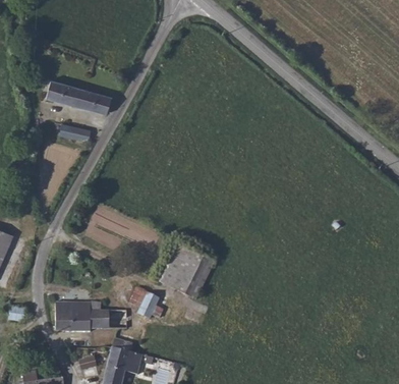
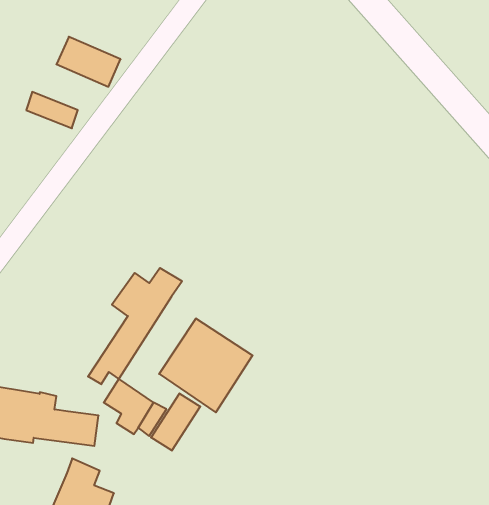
building: [46,80,79,106] -> none
building: none -> [88,268,182,384]
building: none -> [151,393,200,451]

